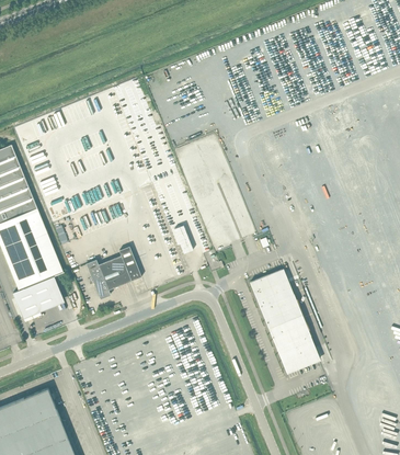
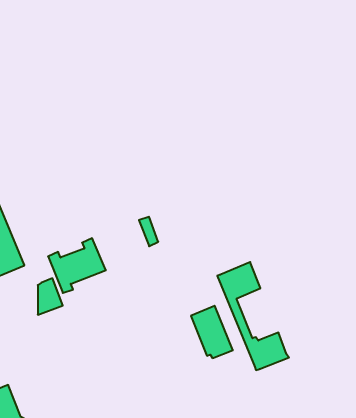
building: [44,275,68,310] -> [38,278,63,315]
building: [267,295,308,345] -> [191,306,233,358]

